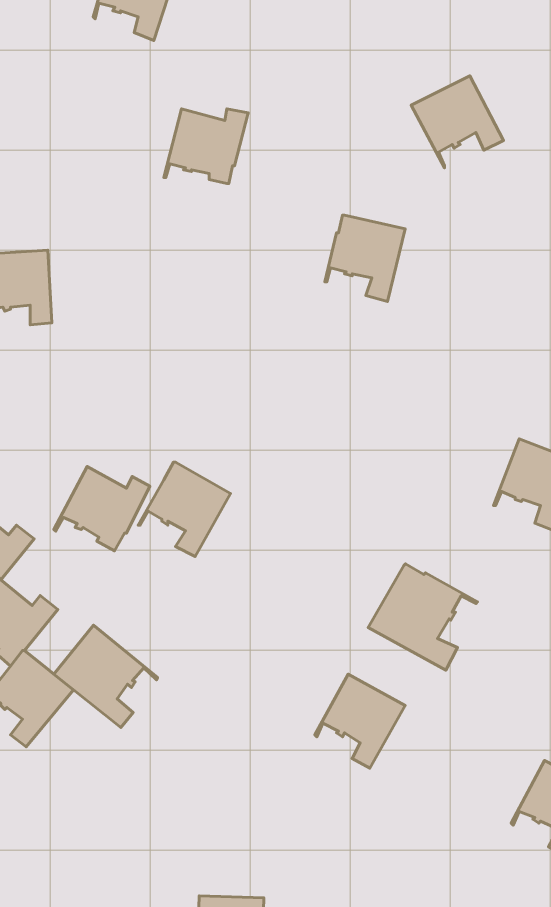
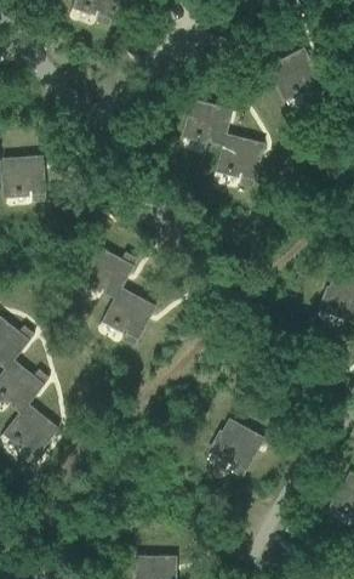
building: [164,109,248,183] -> [181,101,233,147]
building: [54,467,150,551] -> [75,248,135,300]
building: [368,564,478,670] -> none
building: [54,625,157,728] -> none

